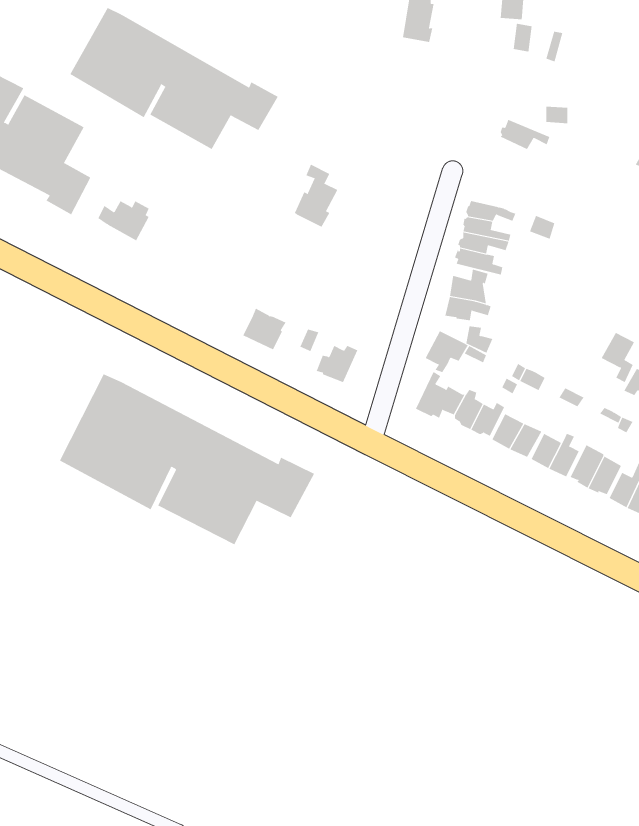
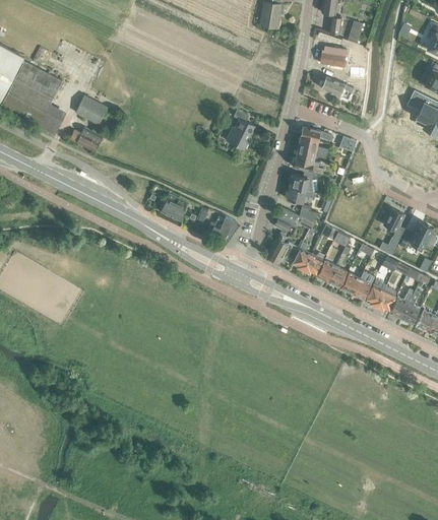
building: [70,7,279,150] -> none
building: none -> [320,47,347,66]
building: none -> [75,95,108,125]
building: [294,164,338,227] -> [227,110,254,149]
building: [59,374,315,545] -> none

